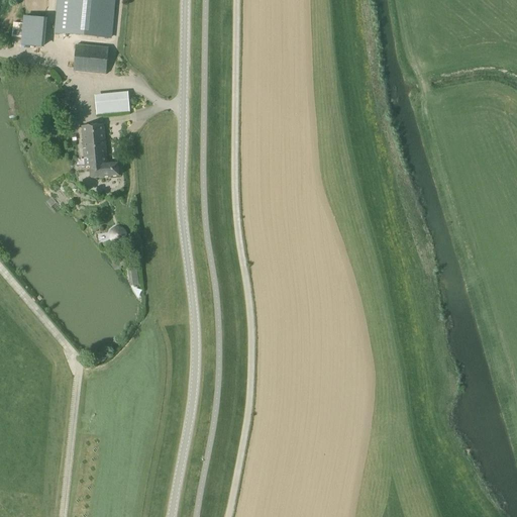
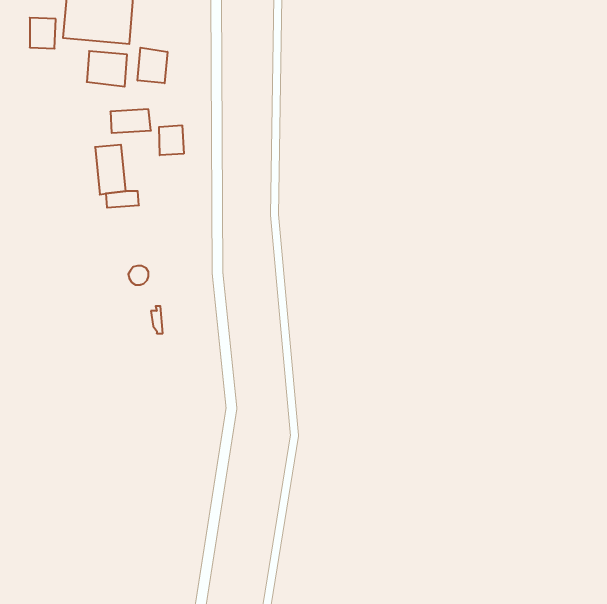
building: none -> [138,48,167,83]
building: none -> [159,125,184,155]

